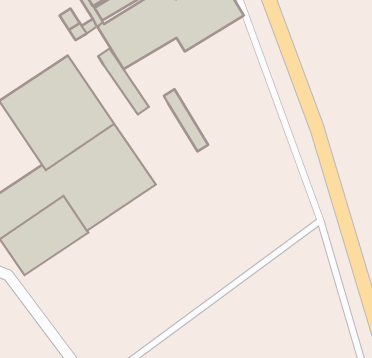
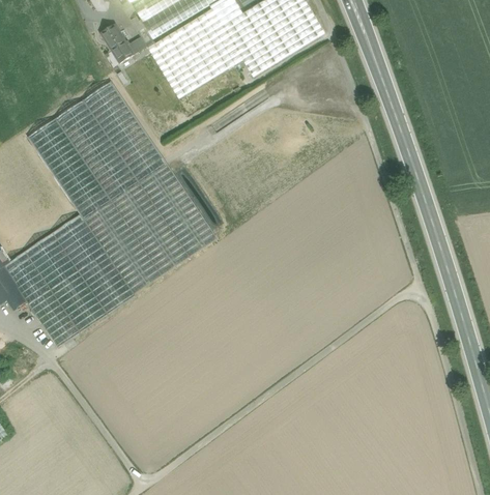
building: [98,49,149,115] -> none
building: [164,89,208,152] -> none

